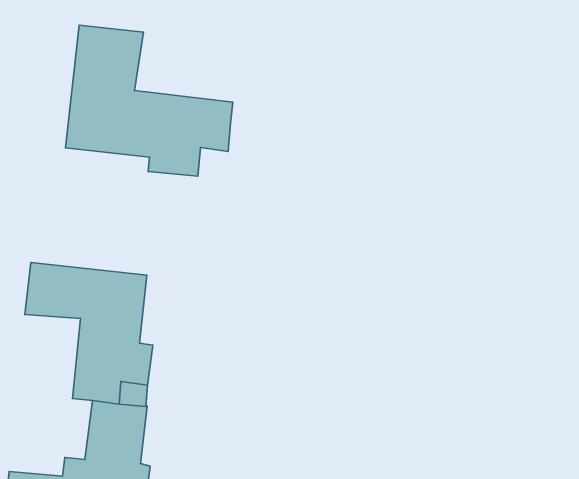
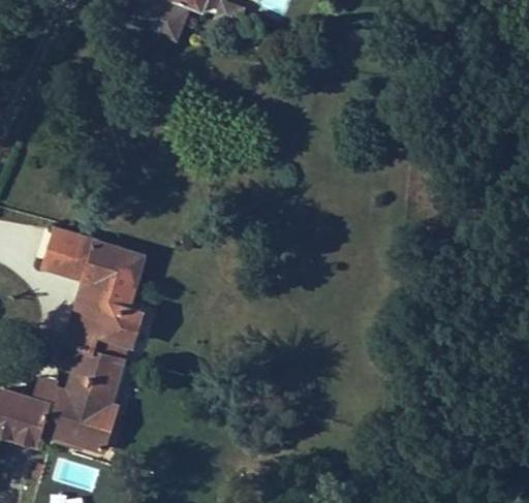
building: [65,25,233,176] -> none

